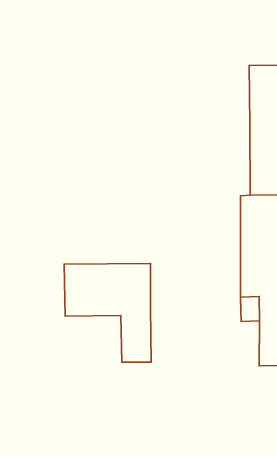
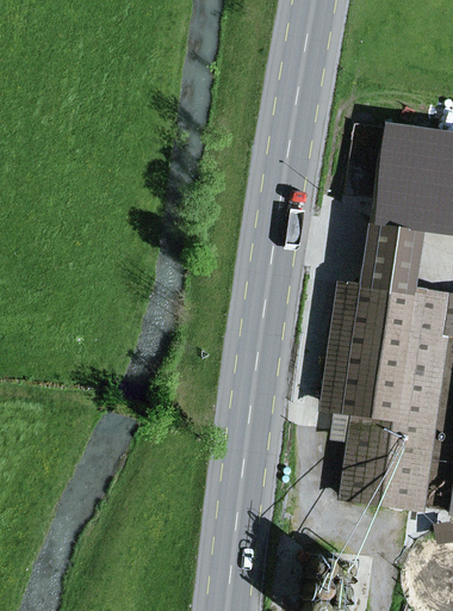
building: [64,263,151,362] -> none

